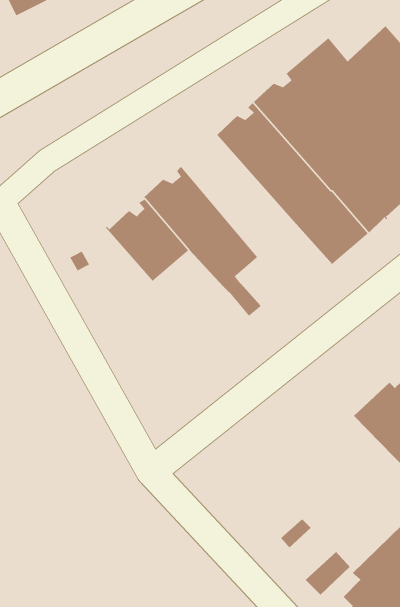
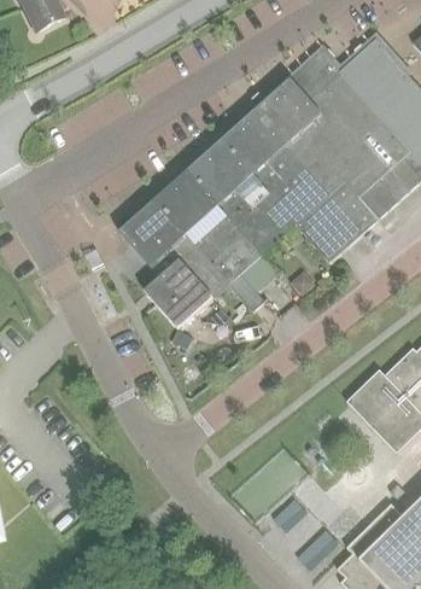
building: none -> [187,139,294,252]
building: none -> [145,246,227,327]

